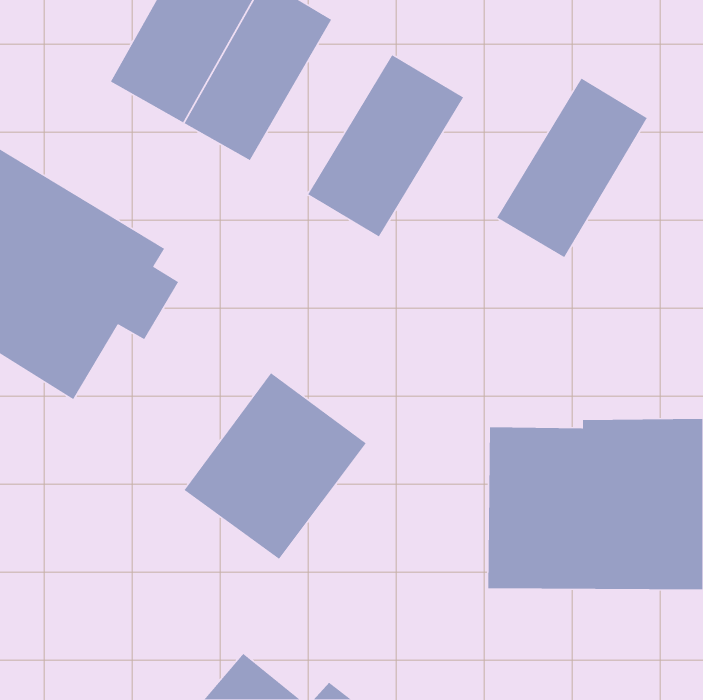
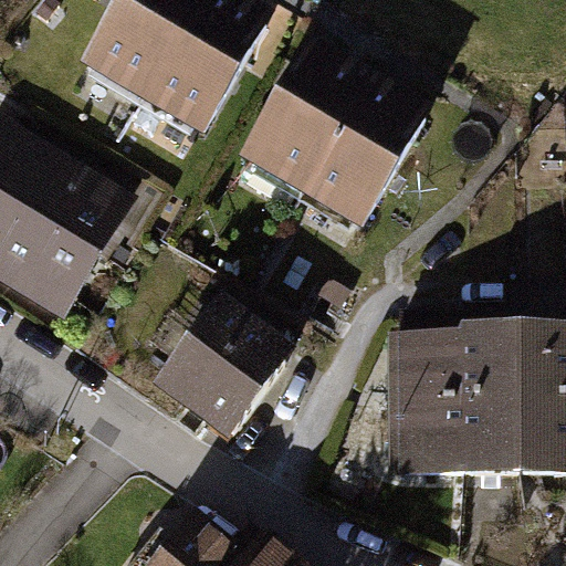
building: [496,78,648,258] -> [302,77,422,221]

